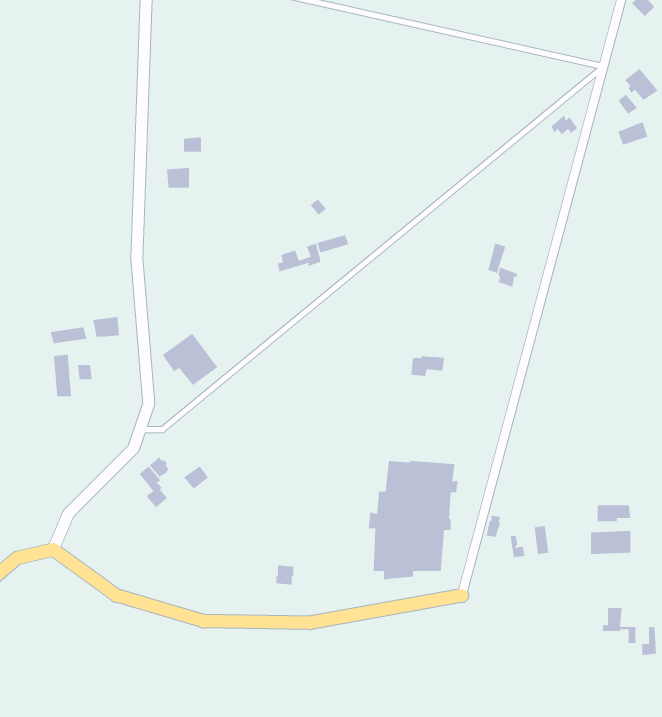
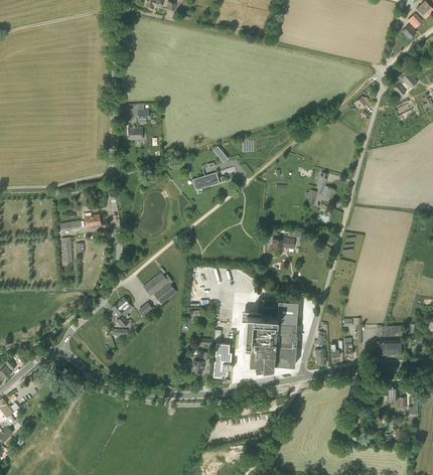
building: [162,333,218,386] -> [143,273,176,304]
building: none -> [213,343,233,378]

